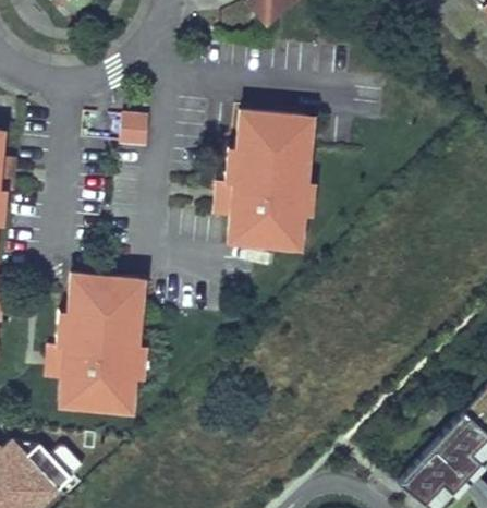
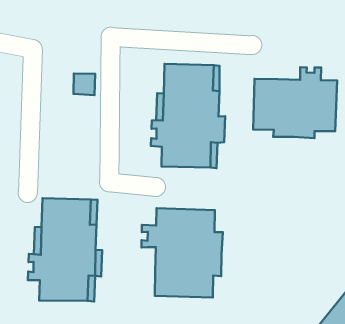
building: none -> [253,67,337,138]
building: none -> [141,208,223,297]

